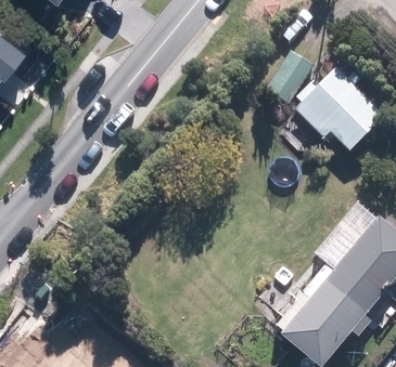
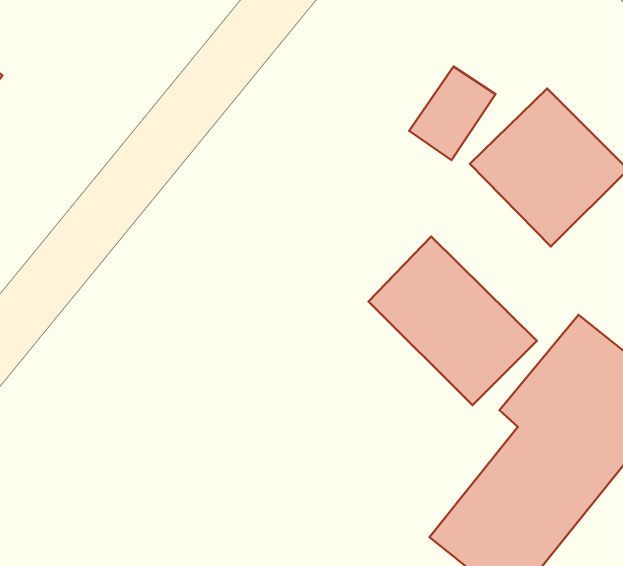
building: none -> [369,237,537,405]

